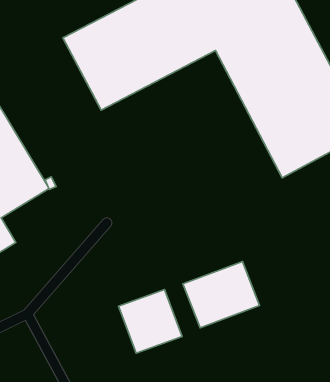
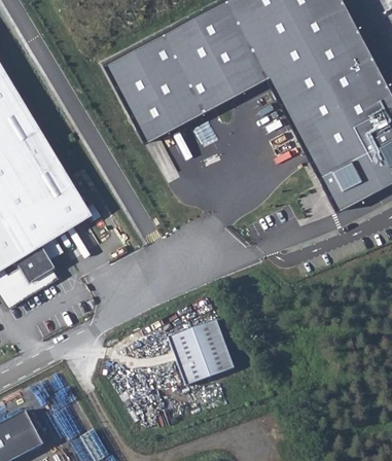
building: [183,261,260,328] -> none

